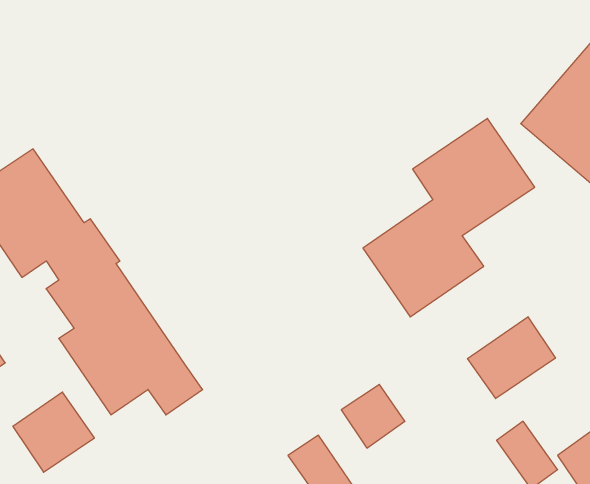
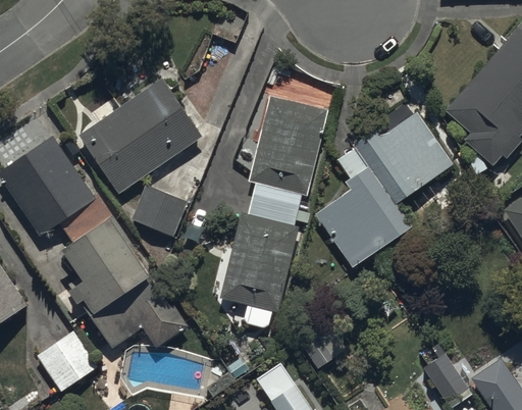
building: none -> [77,76,203,194]
building: none -> [219,94,328,313]
building: none -> [133,185,189,237]
building: [468,317,555,399] -> none

